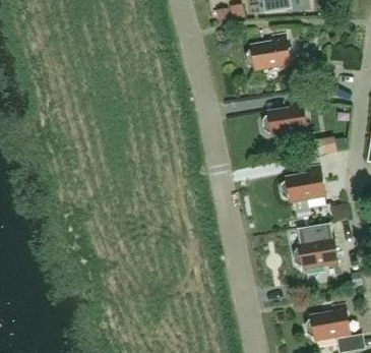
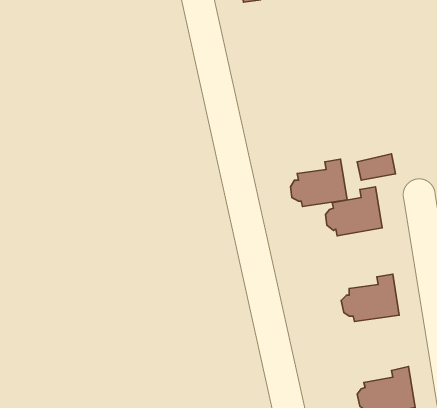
building: [247,33,291,70] -> none
building: [263,100,307,136] -> [290,159,347,207]

